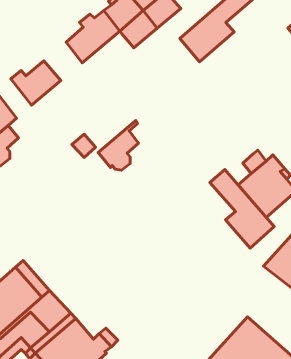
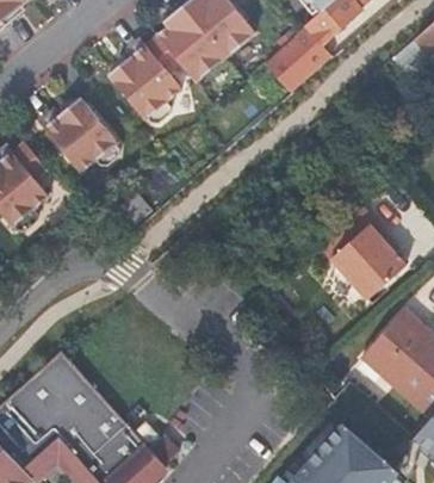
building: none -> [67,123,120,172]
building: [98,121,139,170] -> [131,60,182,123]
building: [210,170,274,248] -> none

